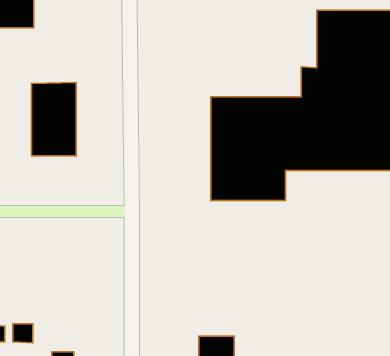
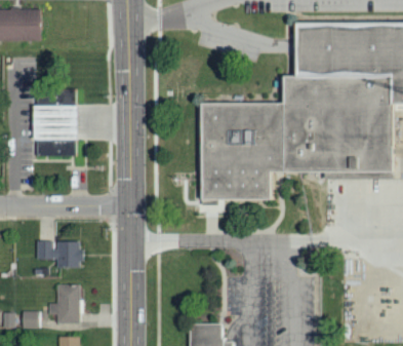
building: none -> [33,241,79,268]
building: none -> [45,284,78,323]

